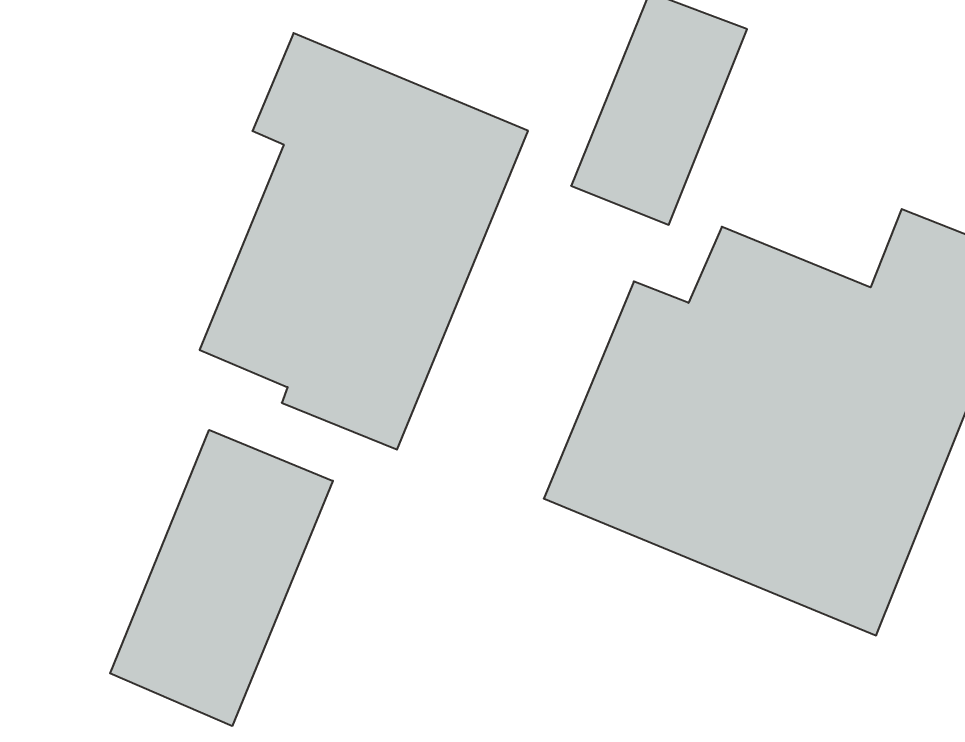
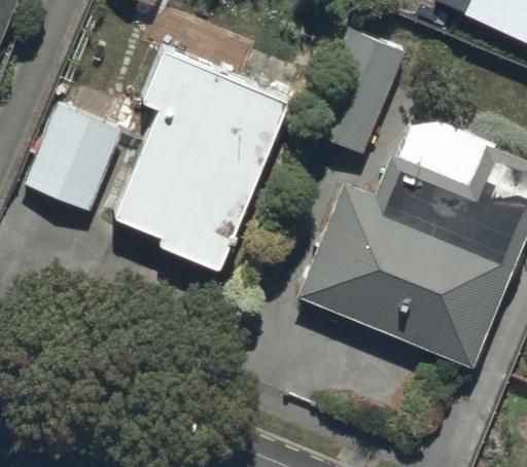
building: none -> [25,103,121,209]
building: [110,430,333,726] -> none

